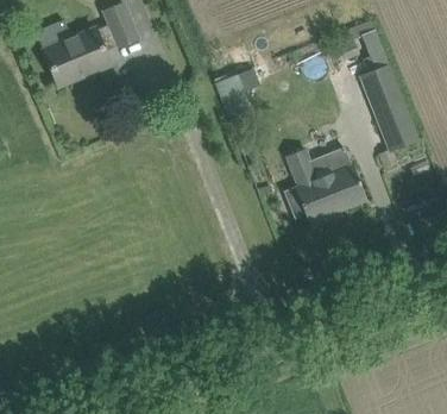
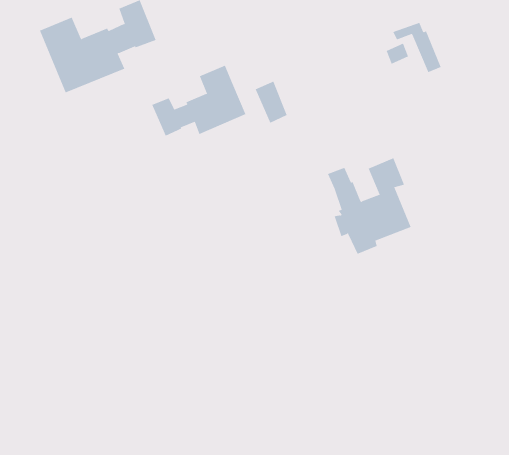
building: none -> [151,65,246,136]
building: [361,65,417,167] -> none

